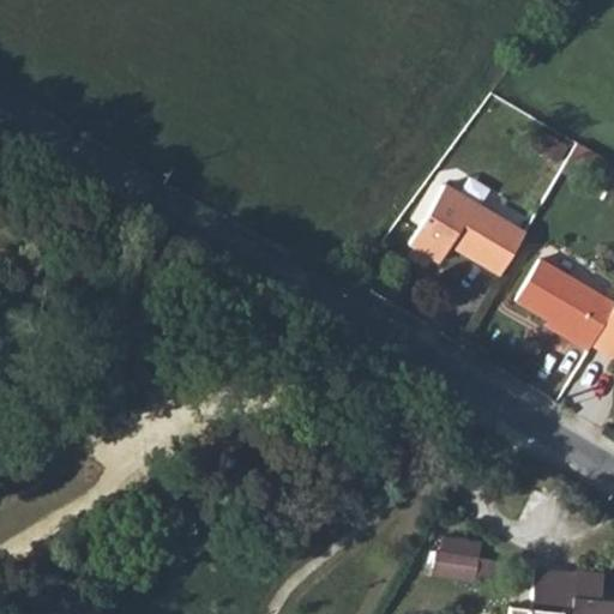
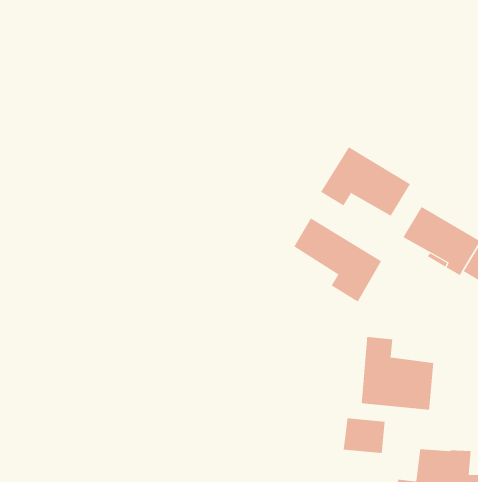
building: none -> [294,218,382,302]
building: none -> [361,336,434,410]

